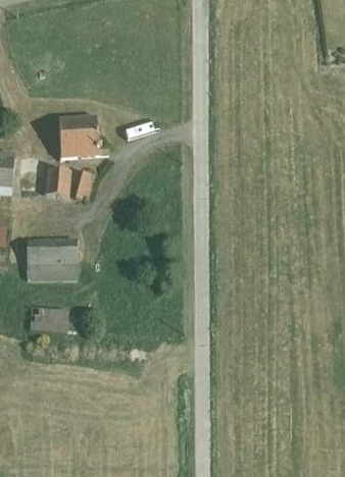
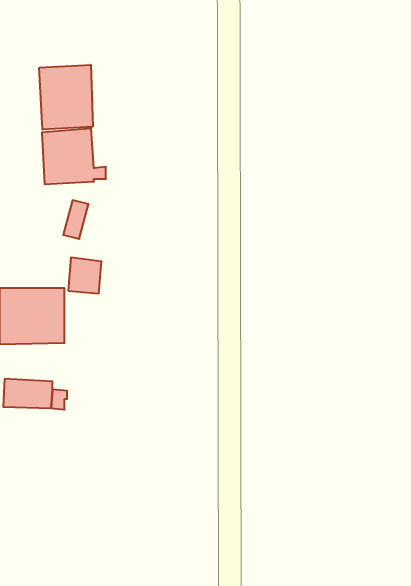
building: none -> [39,65,93,130]
building: [46,167,71,195] -> [68,257,102,293]

